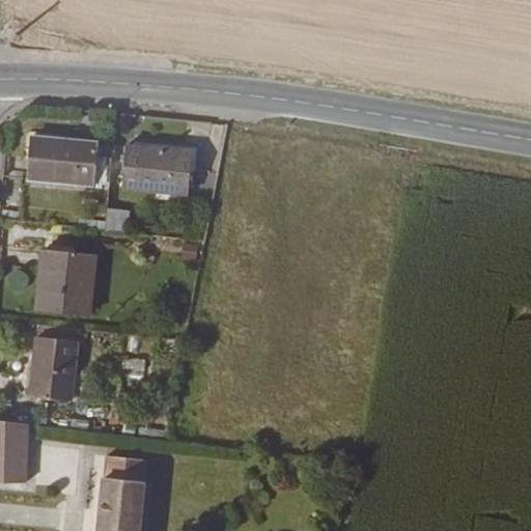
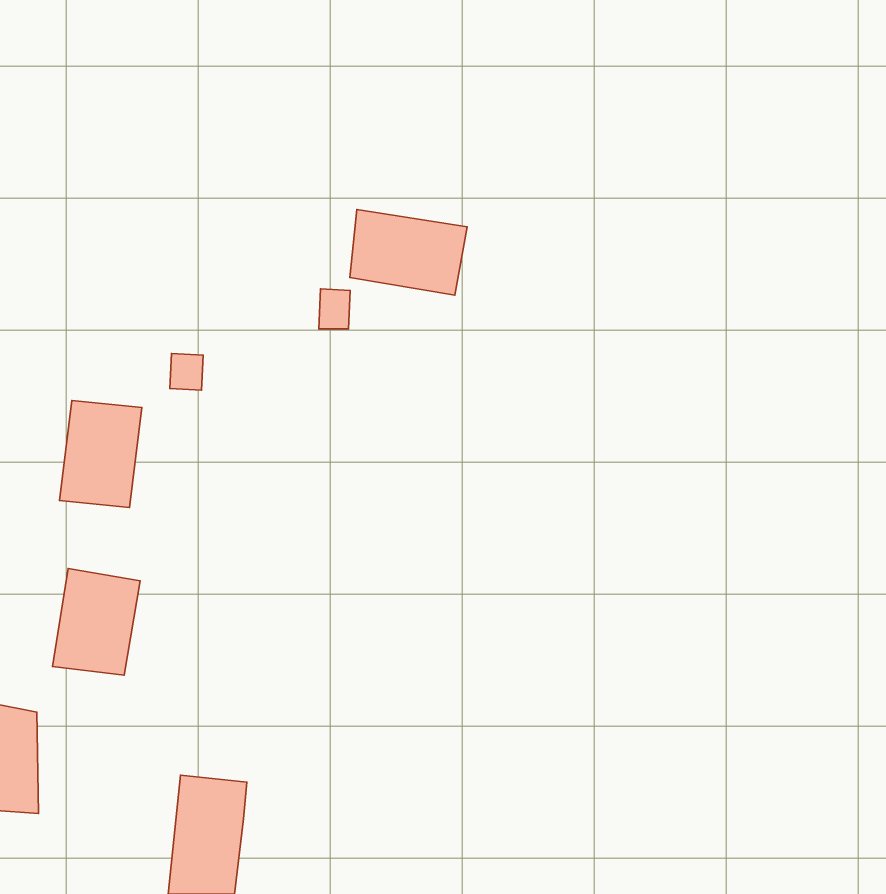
building: [38,137,94,187] -> none
building: [120,143,190,194] -> [350,209,467,295]

